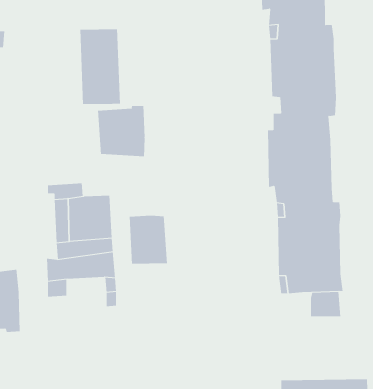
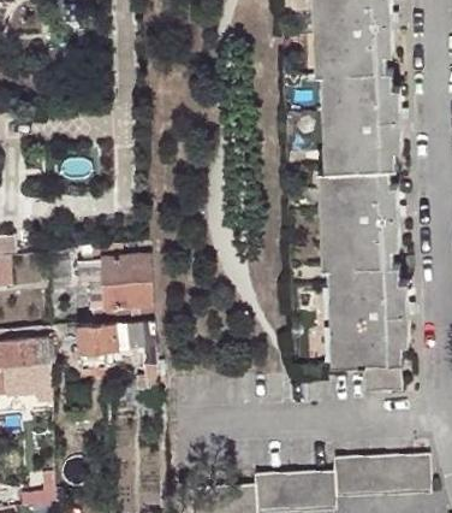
building: [80,28,120,105] -> none
building: [98,105,145,157] -> none
building: [129,215,167,264] -> none

